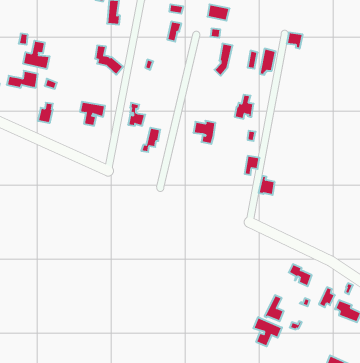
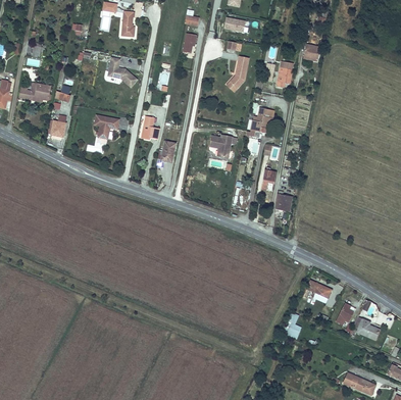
building: [23,41,50,69] -> none
building: [253,317,282,346] -> none

